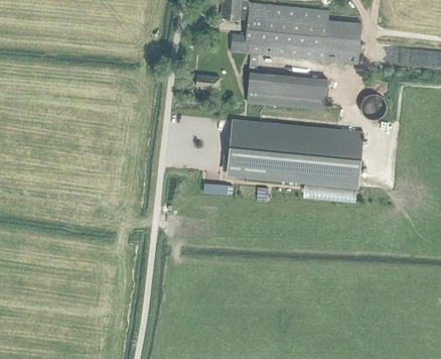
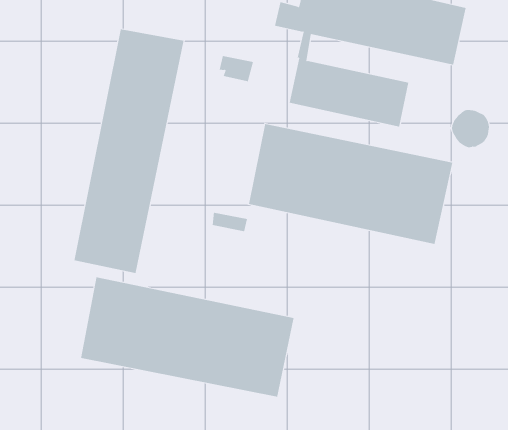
building: none -> [74,28,184,274]
building: none -> [80,277,294,398]

